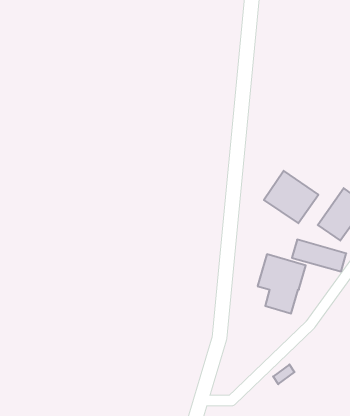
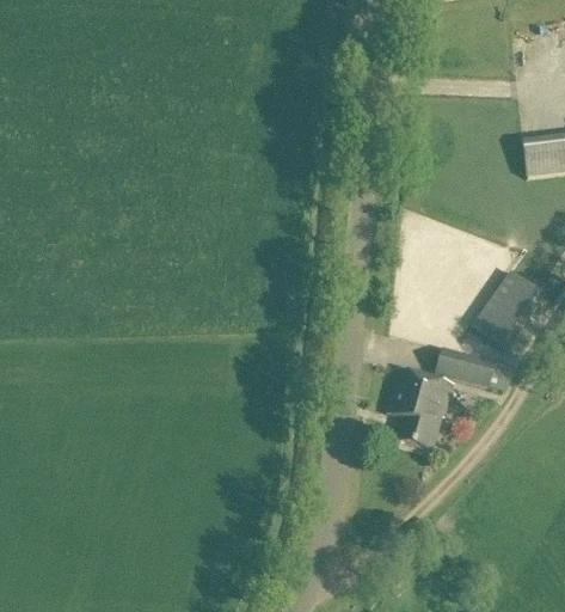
building: [264,171,318,223] -> none

